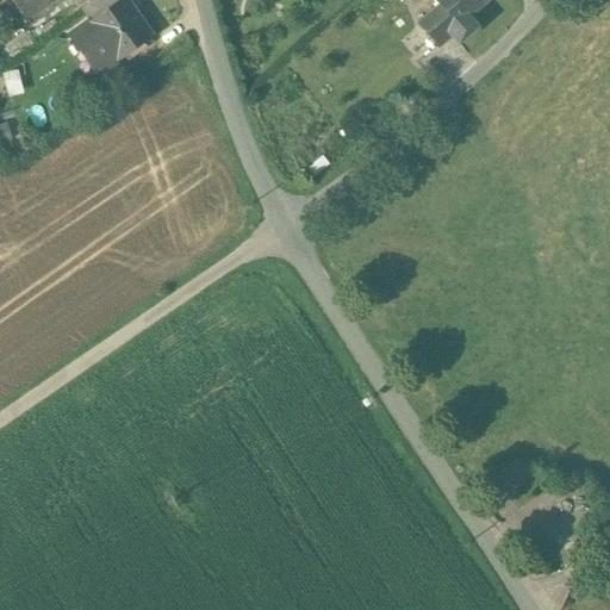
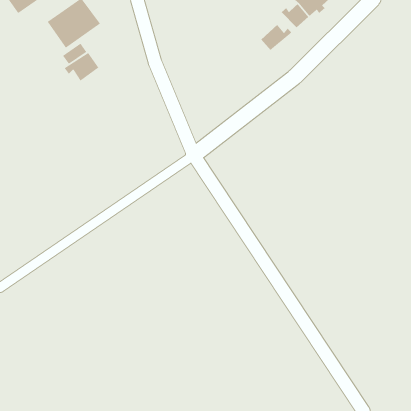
building: none -> [260,24,292,51]
building: none -> [64,52,99,82]

